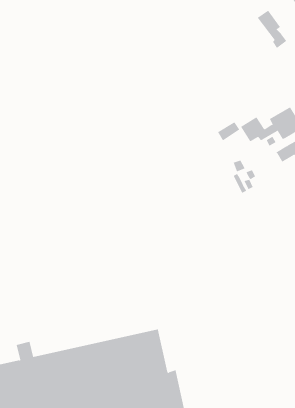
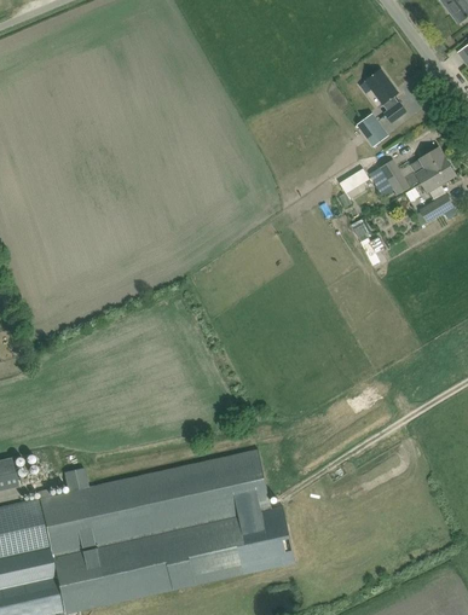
building: [257,10,287,49] -> [364,70,405,123]
building: none -> [356,114,388,147]

